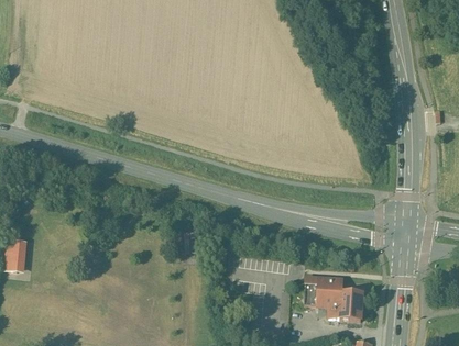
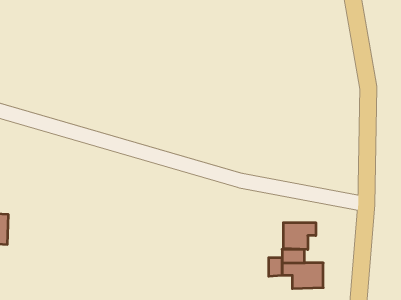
building: none -> [283,223,316,250]

